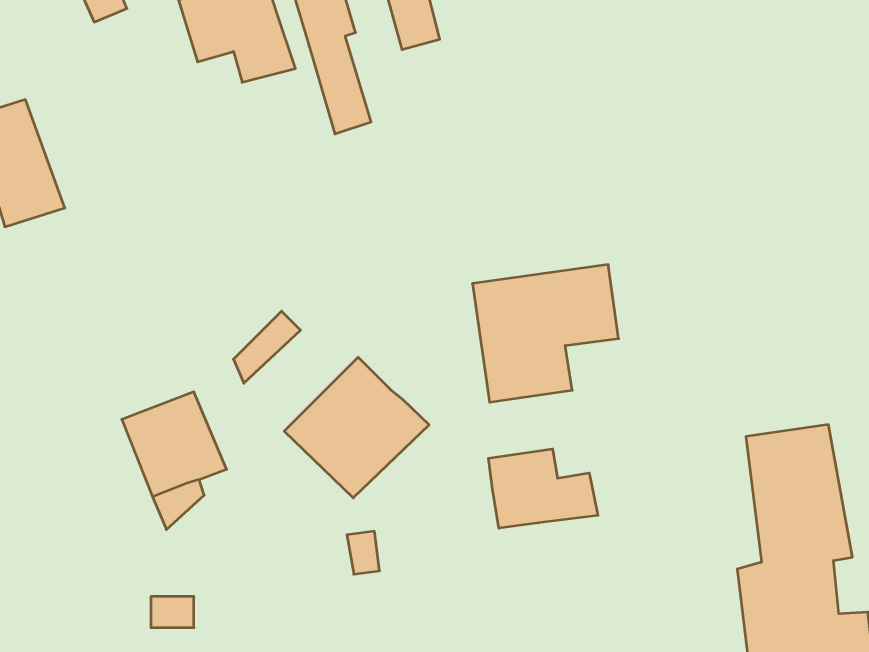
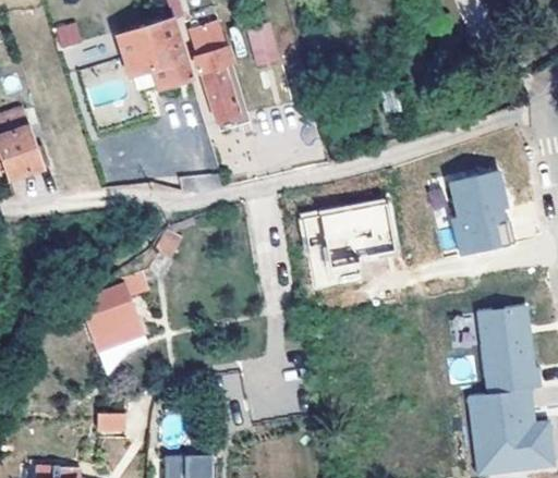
building: none -> [452,172,517,256]
building: [284,357,429,498] -> none
building: [488,449,598,528] -> none

